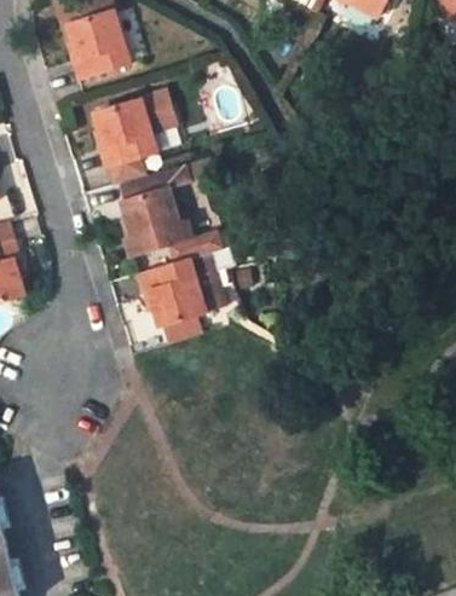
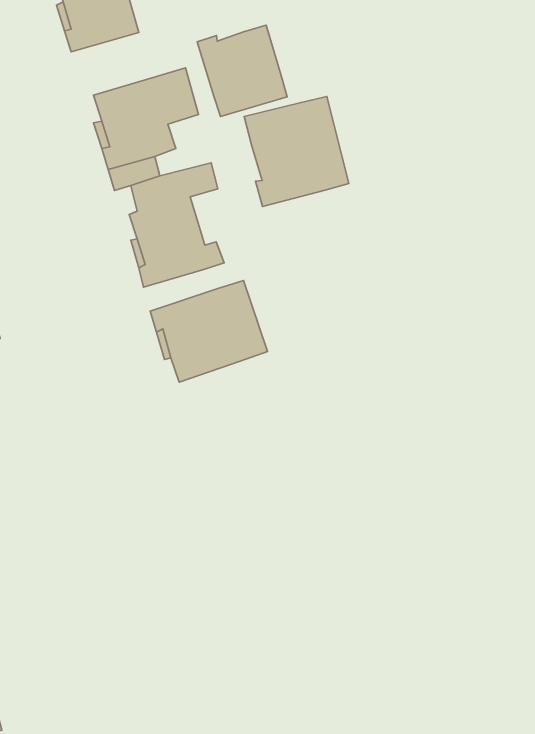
building: none -> [197,25,287,117]
building: none -> [244,96,349,206]

